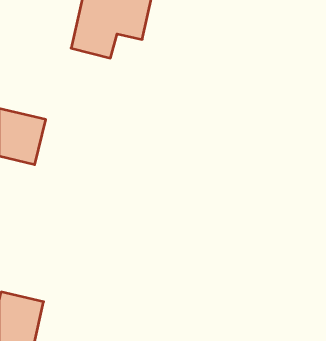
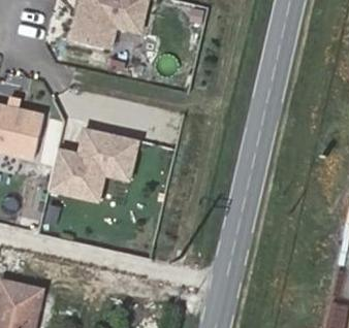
building: none -> [54,131,144,204]

